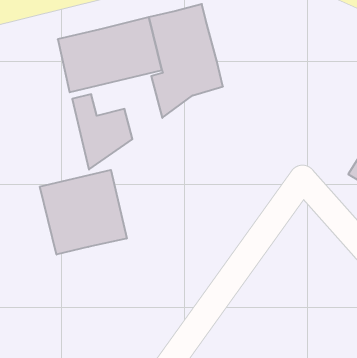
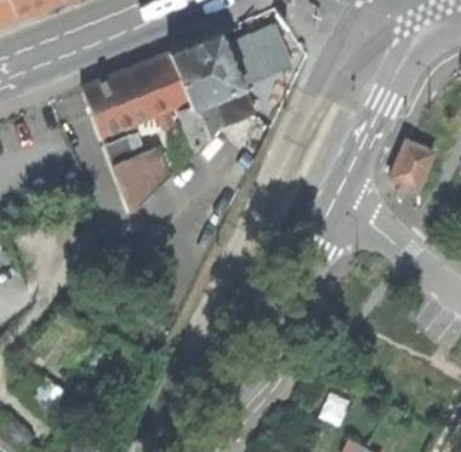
building: none -> [227,27,292,86]
building: [40,170,127,255] -> none

